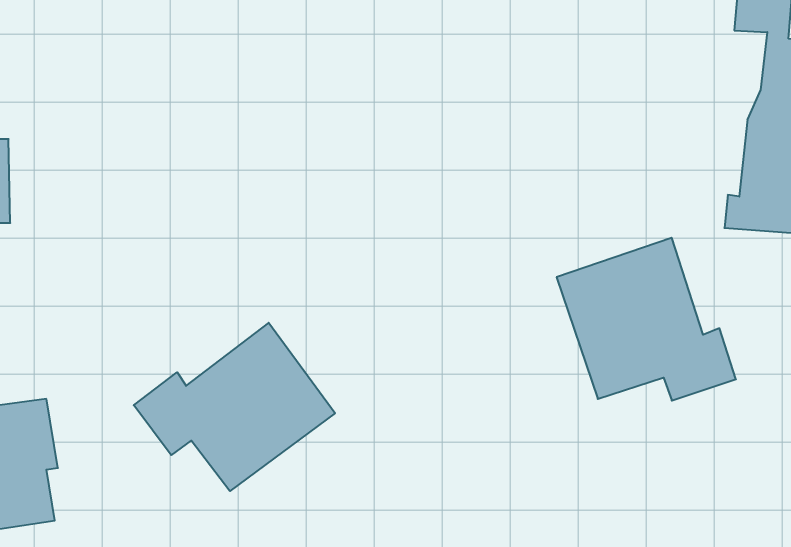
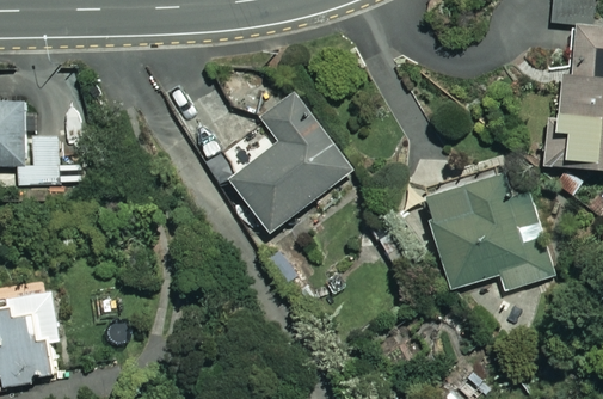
building: none -> [230,93,353,234]
building: [134,323,335,491] -> none

